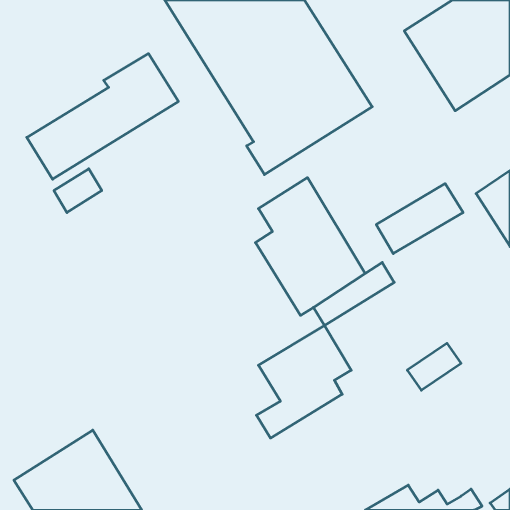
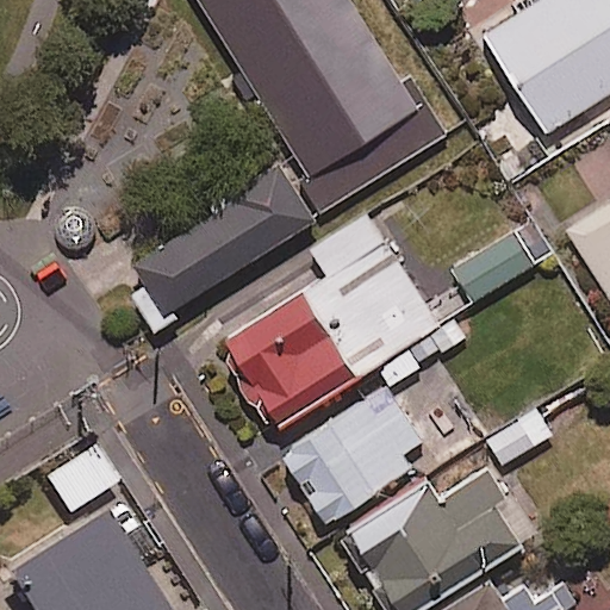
building: [27,54,178,179] -> [126,154,307,304]
building: none -> [213,290,359,432]
building: none -> [343,471,531,603]

